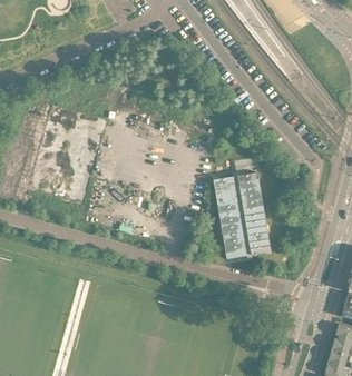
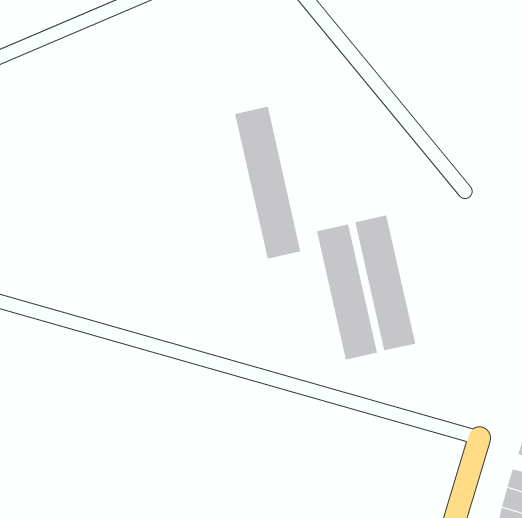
building: none -> [235,106,301,259]

